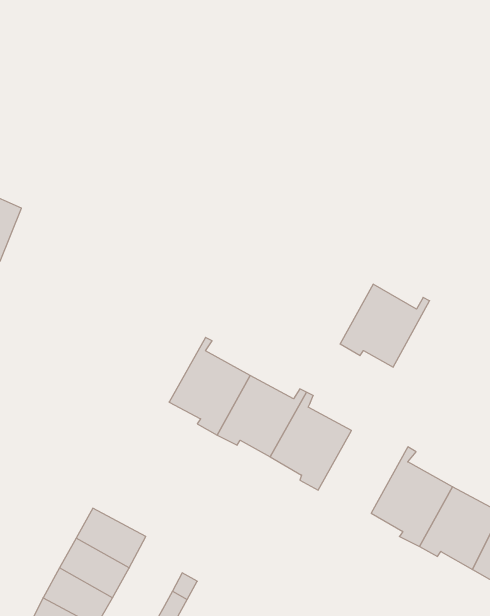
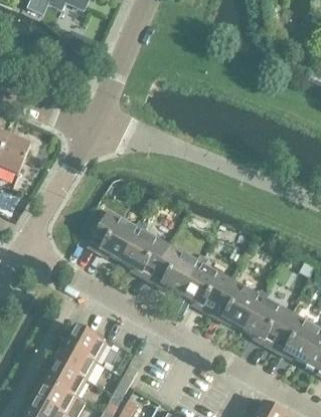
building: [340,284,430,367] -> [211,277,266,328]
building: none -> [88,209,143,260]

